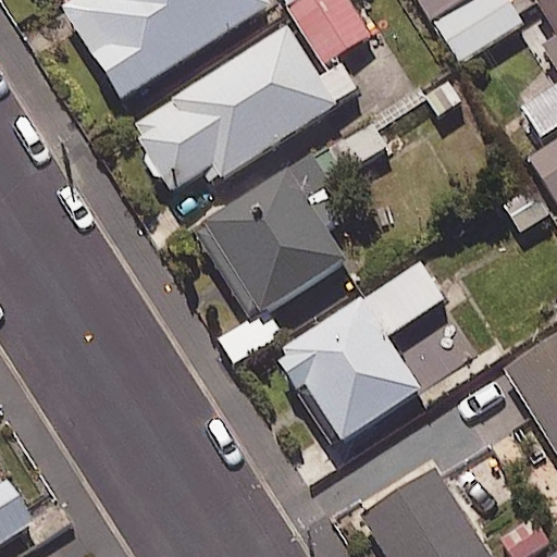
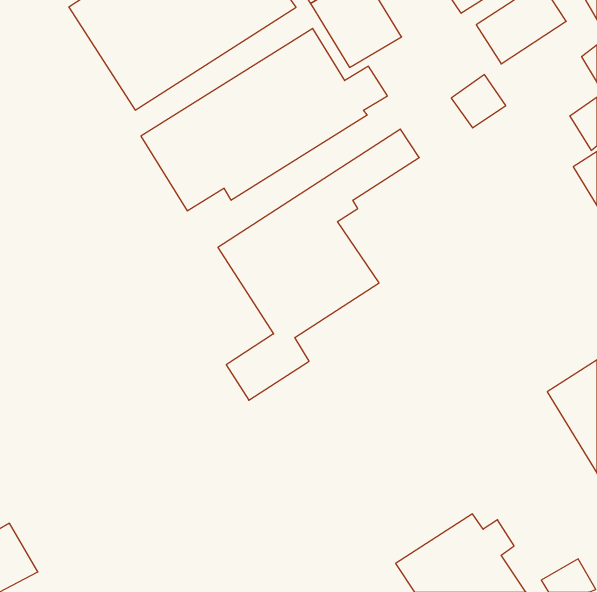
building: [272,262,443,447] -> none

